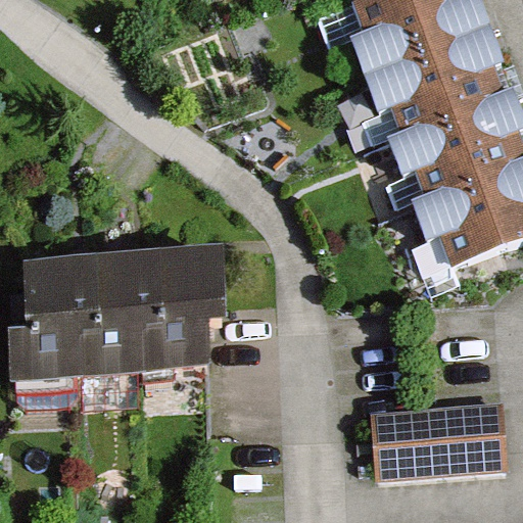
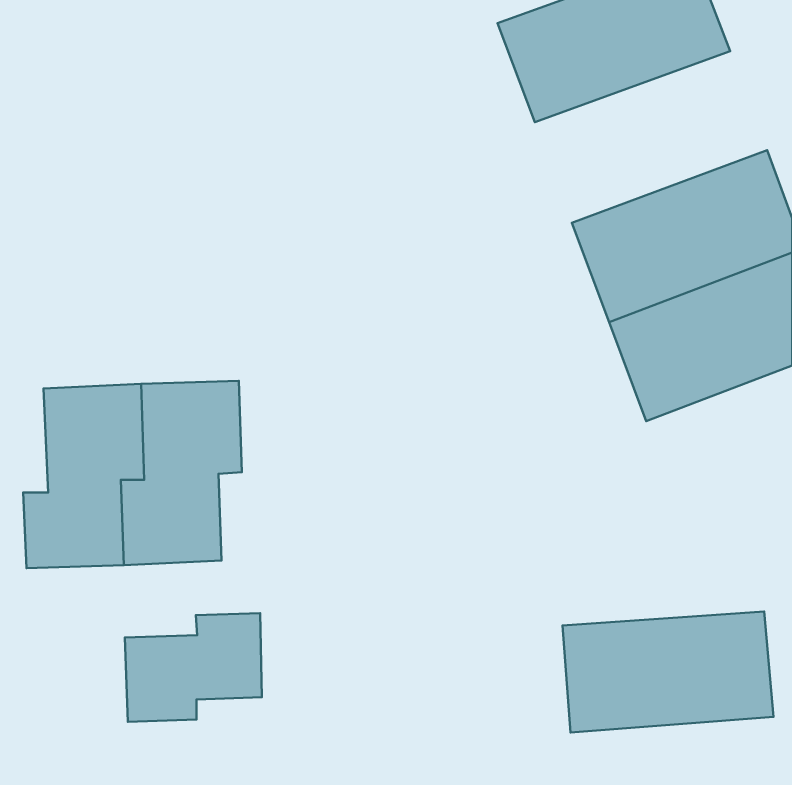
building: [352,34,506,147] -> none
building: [144,248,229,370] -> none
building: none -> [125,613,262,722]

